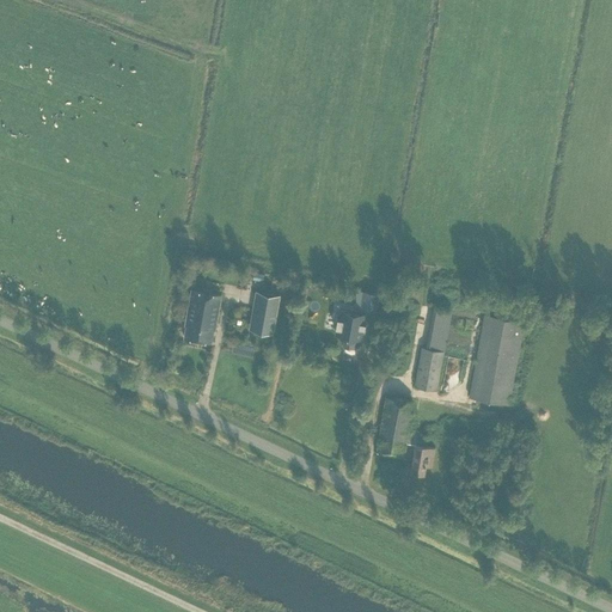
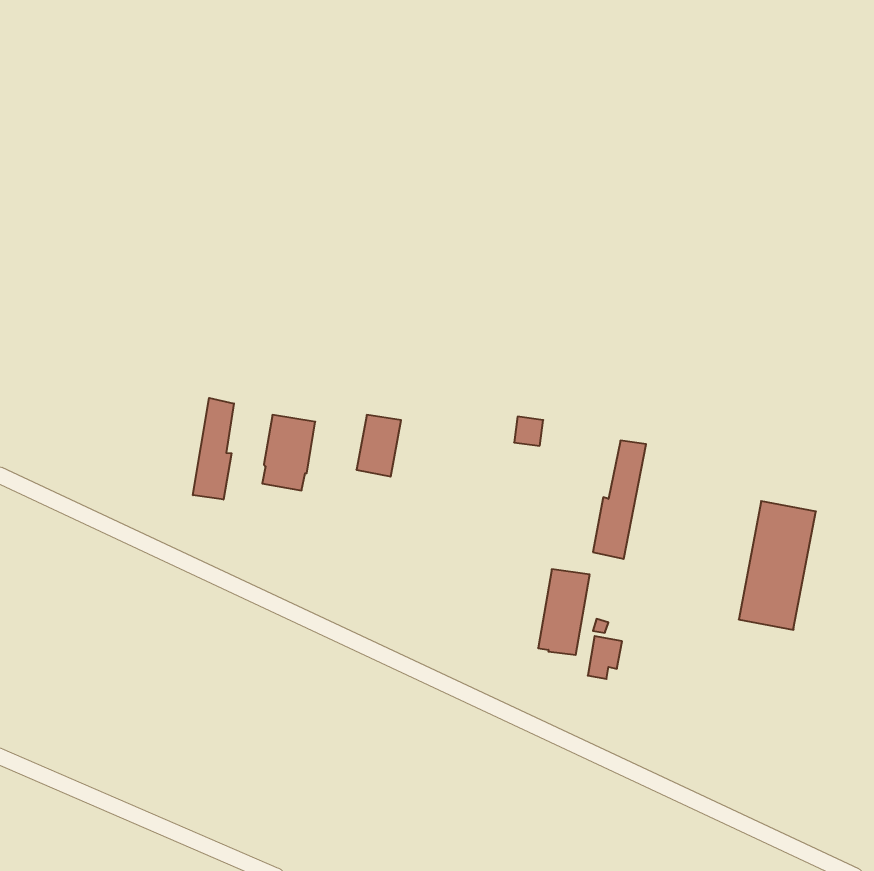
building: none -> [193,398,234,500]
building: [341,316,363,350] -> none
building: [469,317,522,406] -> [739,501,816,630]

